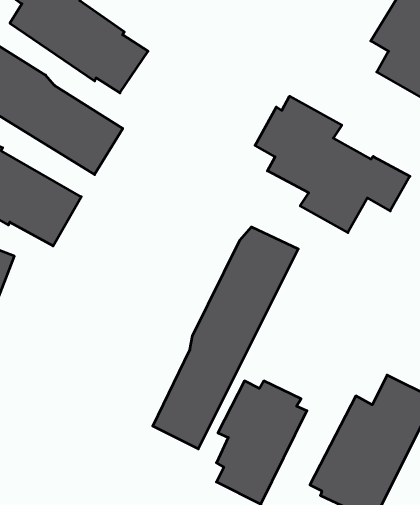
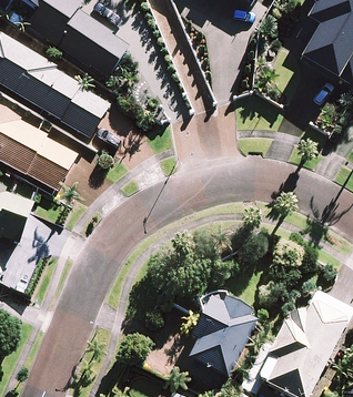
building: [255,96,410,233] -> none
building: [153,227,298,449] -> none

